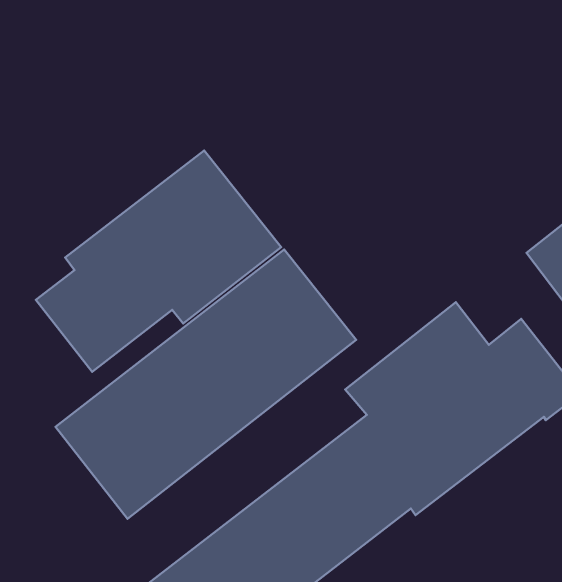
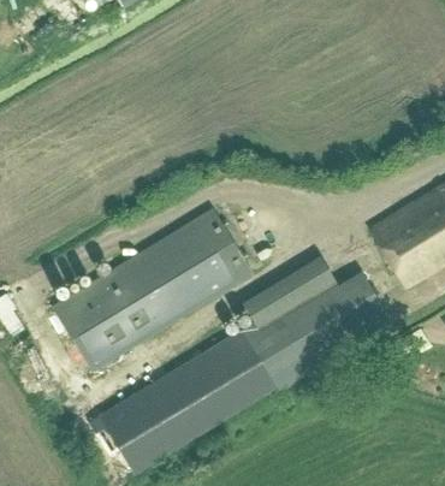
building: [36,151,281,372] -> none

